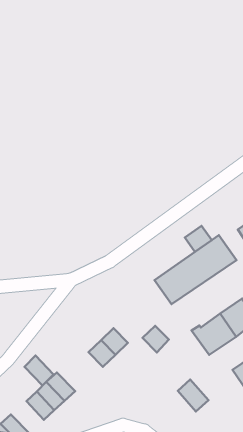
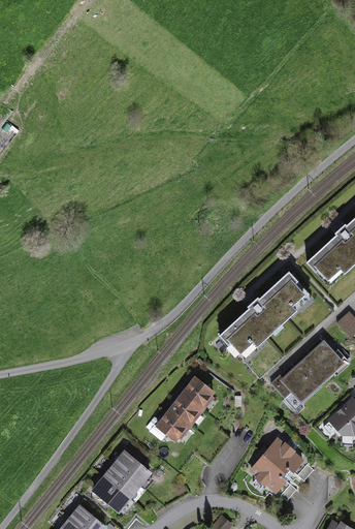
building: [185,226,212,252] -> none
building: [143,326,169,352] -> [182,377,212,407]
building: [24,356,54,386] -> none
building: none -> [252,454,288,489]

